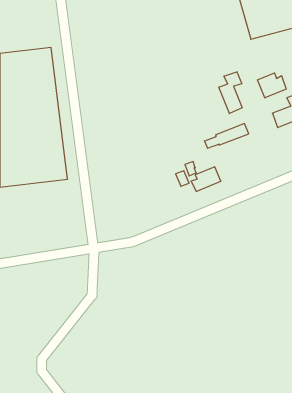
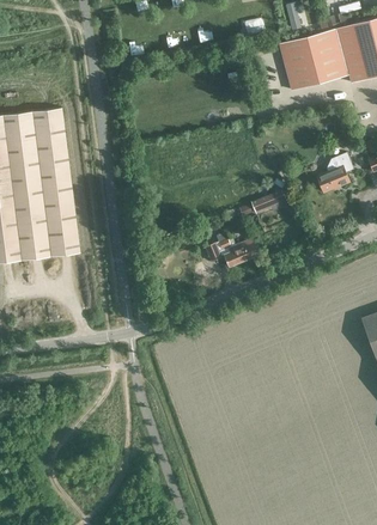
building: [219,72,242,114] -> none
building: [258,73,286,98] -> none

